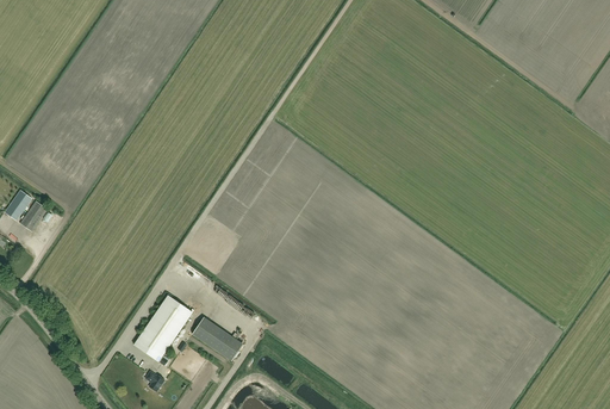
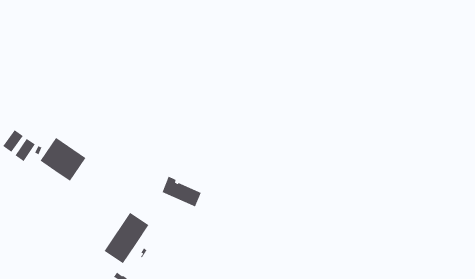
building: none -> [39,137,87,182]
building: [191,315,242,355] -> [162,176,202,207]

